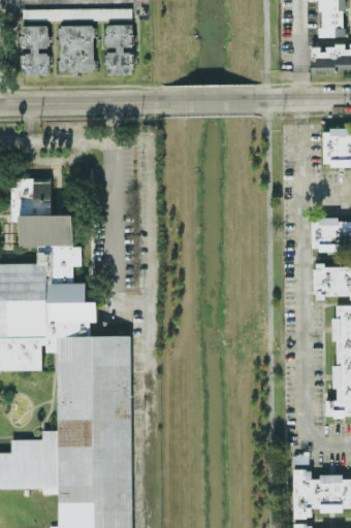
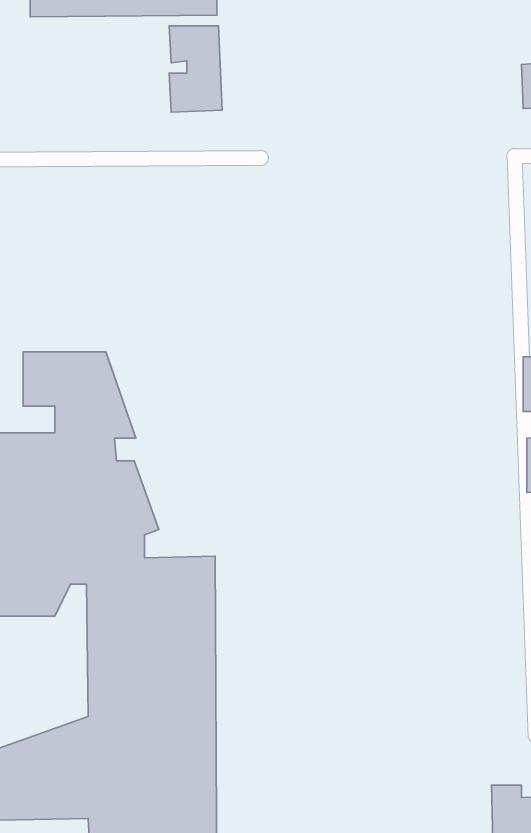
building: [21,25,50,75] -> none
building: [58,26,95,72] -> none
building: [10,178,51,223] -> none

